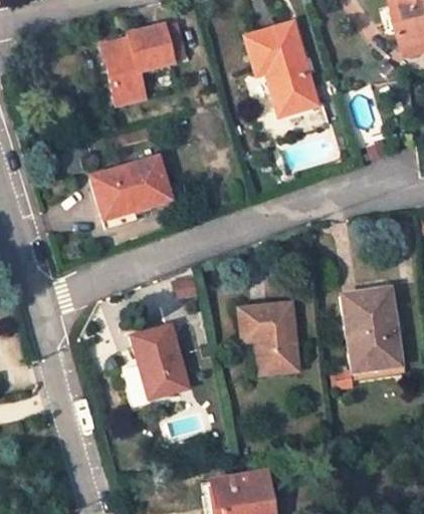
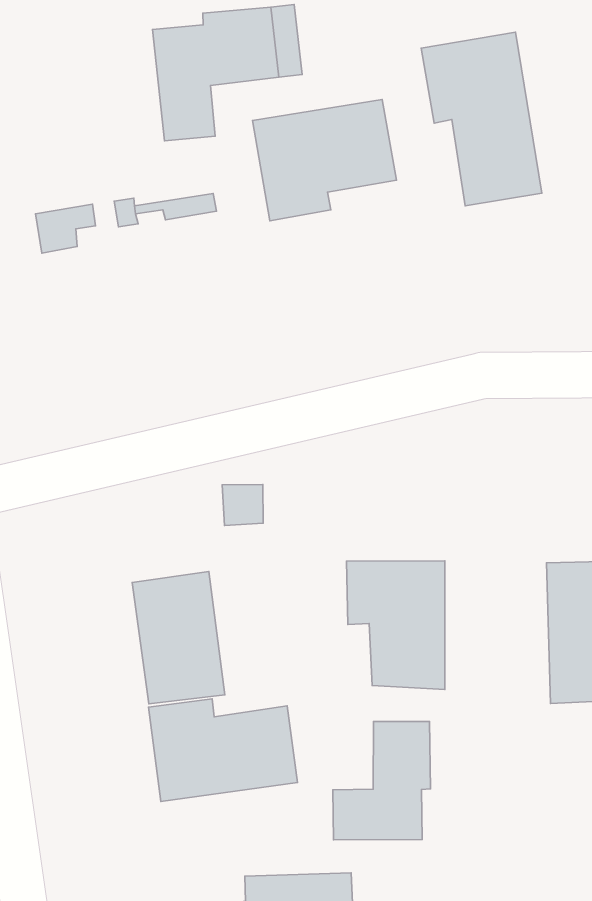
building: [89,158,169,229] -> [253,99,396,221]
building: none -> [333,722,430,840]
building: none -> [148,699,298,802]

